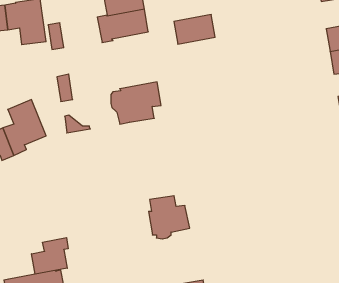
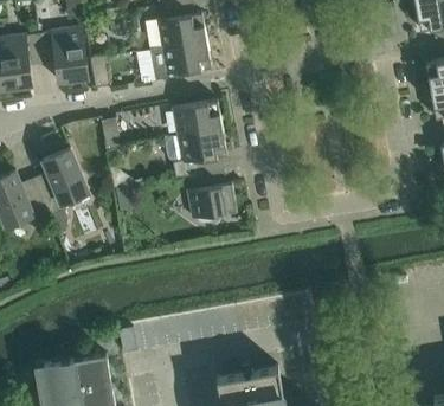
building: [174,15,215,44] -> [172,101,221,136]
building: [149,196,190,239] -> [187,172,237,224]
building: [32,238,68,274] -> none

